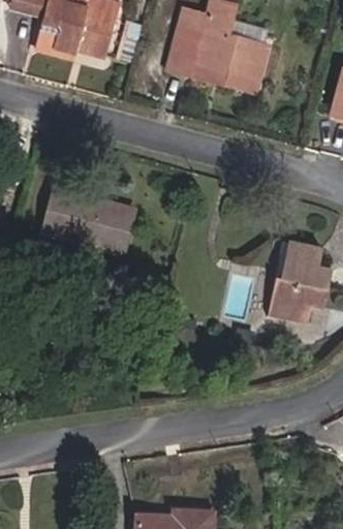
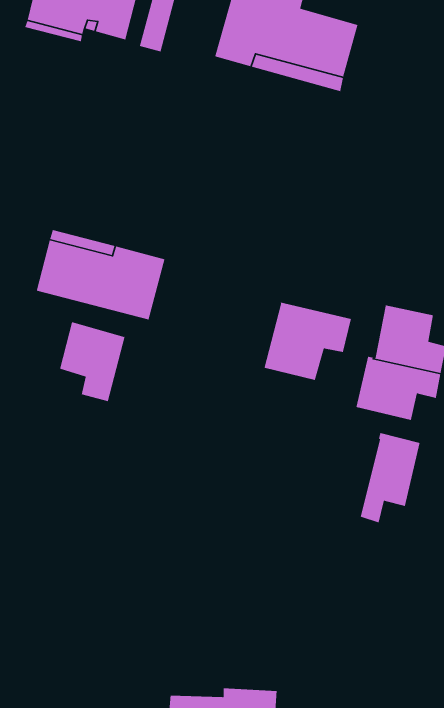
building: none -> [264,302,352,381]
building: none -> [59,321,126,402]
building: none -> [360,432,421,524]

